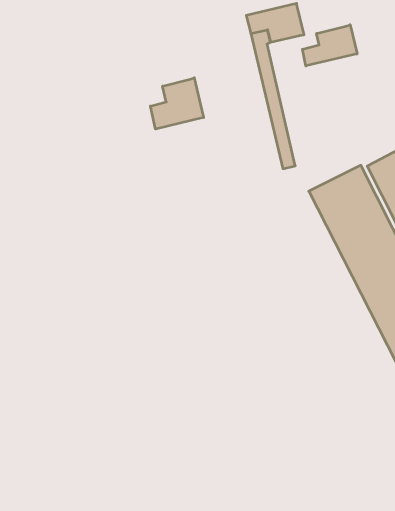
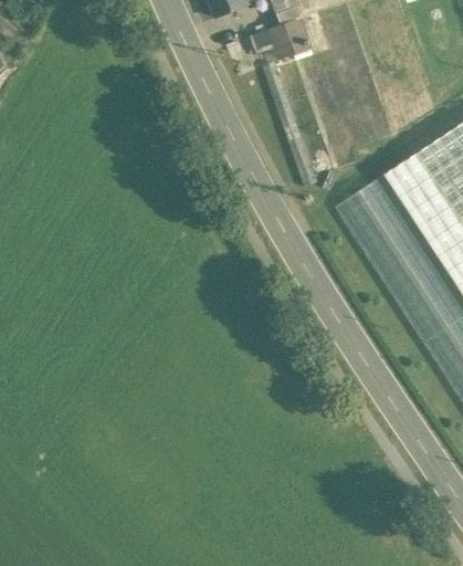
building: [302,25,357,66] -> none
building: [150,78,204,129] -> none

